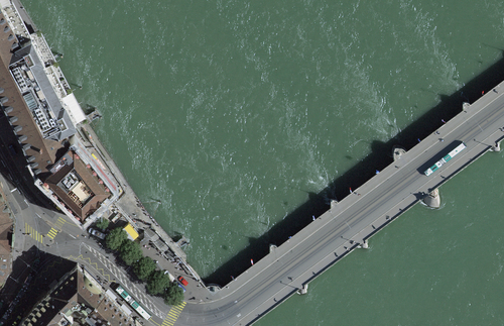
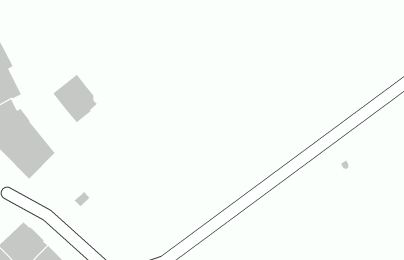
building: none -> [52,74,98,123]

